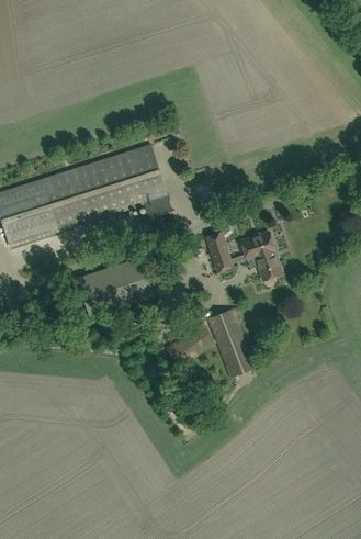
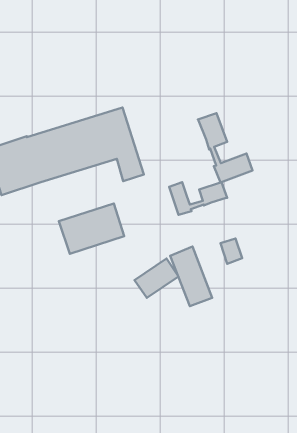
building: none -> [198,113,253,182]
building: [256,249,281,279] -> [221,239,242,264]

